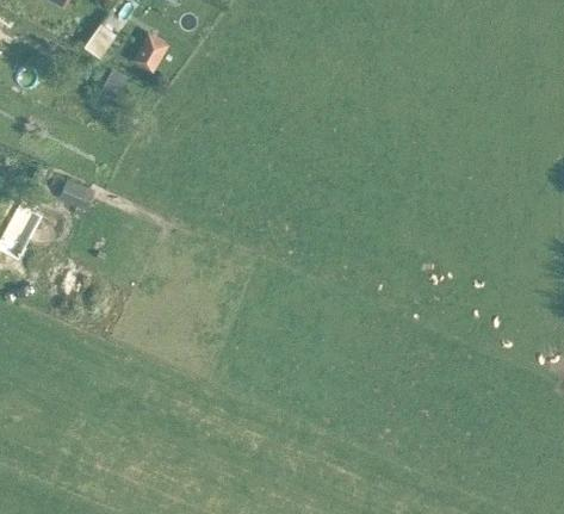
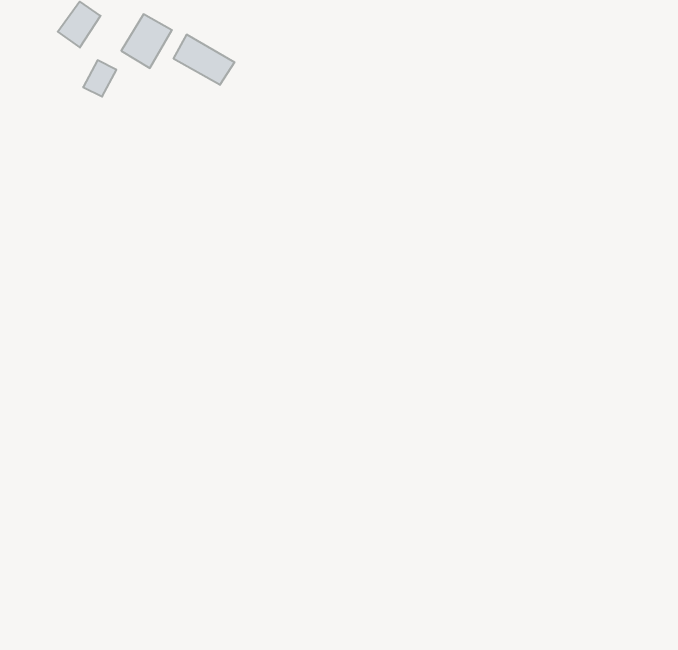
building: none -> [174,34,234,85]

